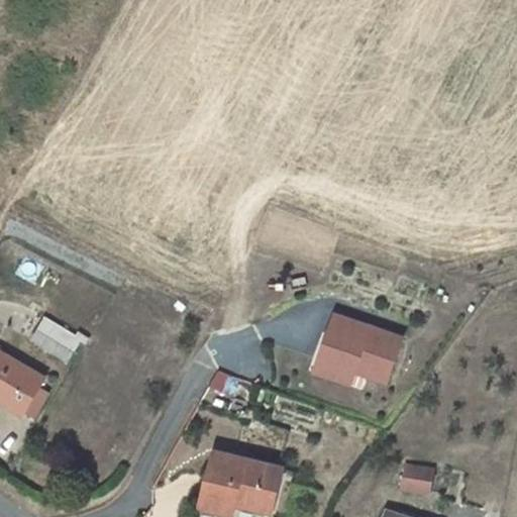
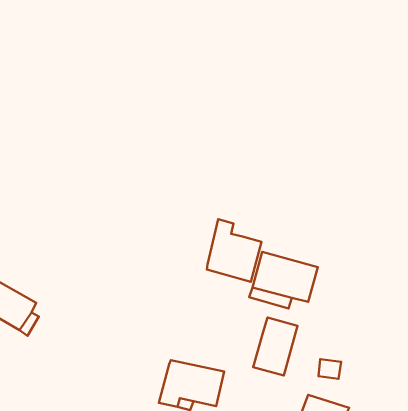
building: none -> [207,219,261,282]
building: [32,322,94,366] -> none
building: none -> [253,318,297,376]

